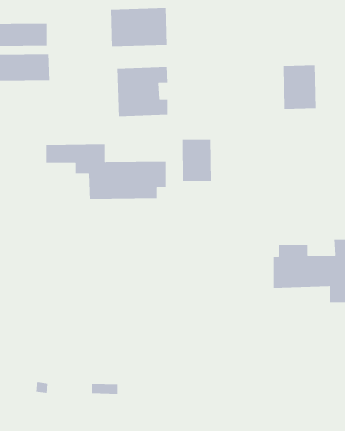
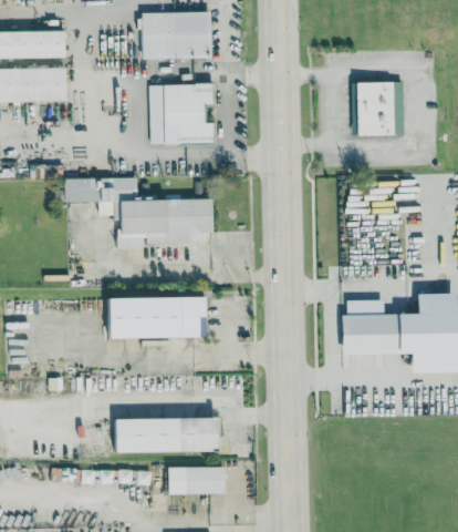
building: [182,139,212,182] -> none
building: none -> [103,297,208,338]
building: none -> [113,418,219,453]
building: none -> [167,467,228,494]

